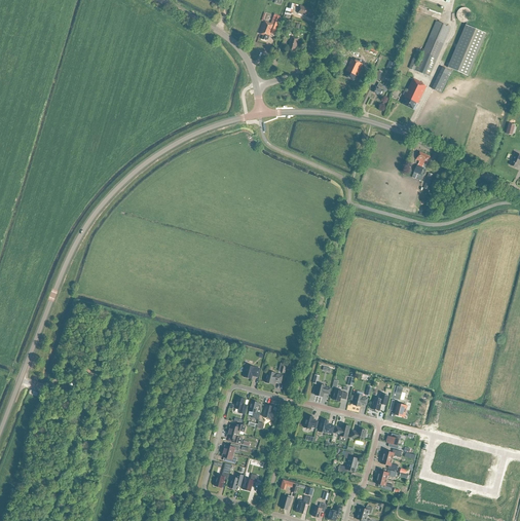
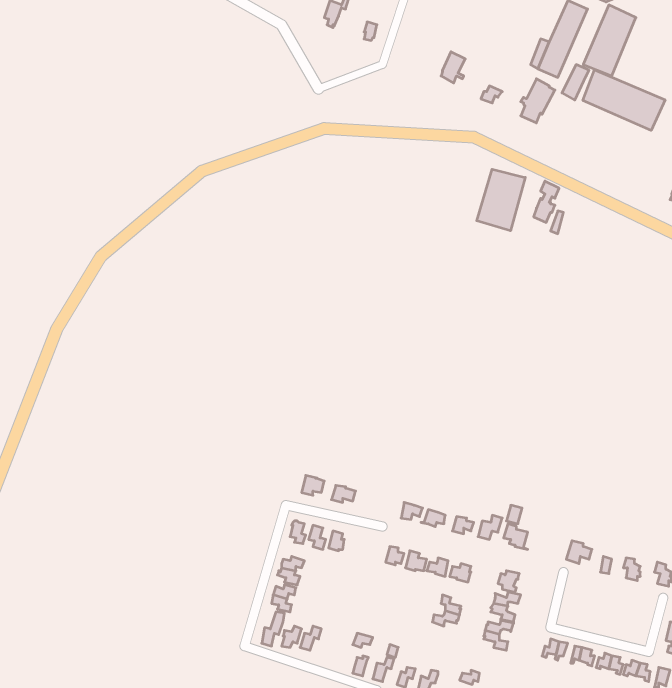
building: none -> [583,70,665,130]
building: none -> [477,169,525,231]

